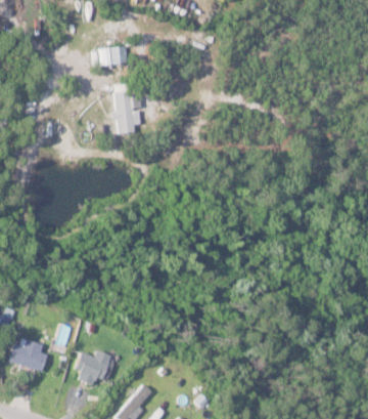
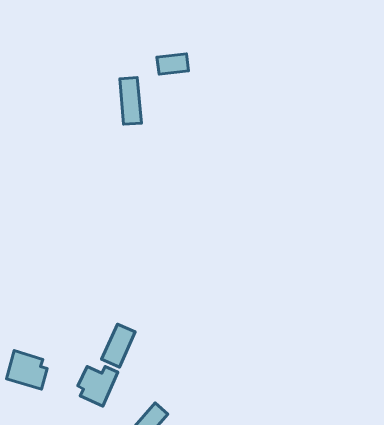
building: [97,45,126,64] -> [157,54,189,74]
building: none -> [102,324,135,367]

